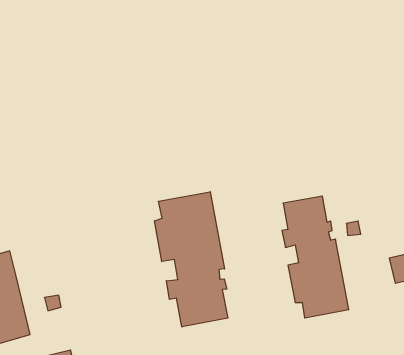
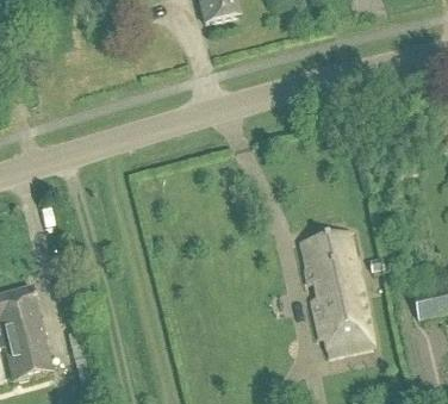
building: [154,192,228,327] -> none

